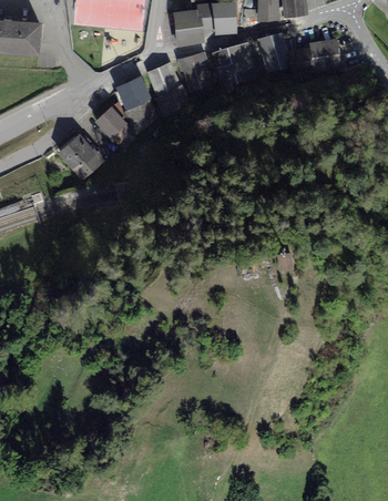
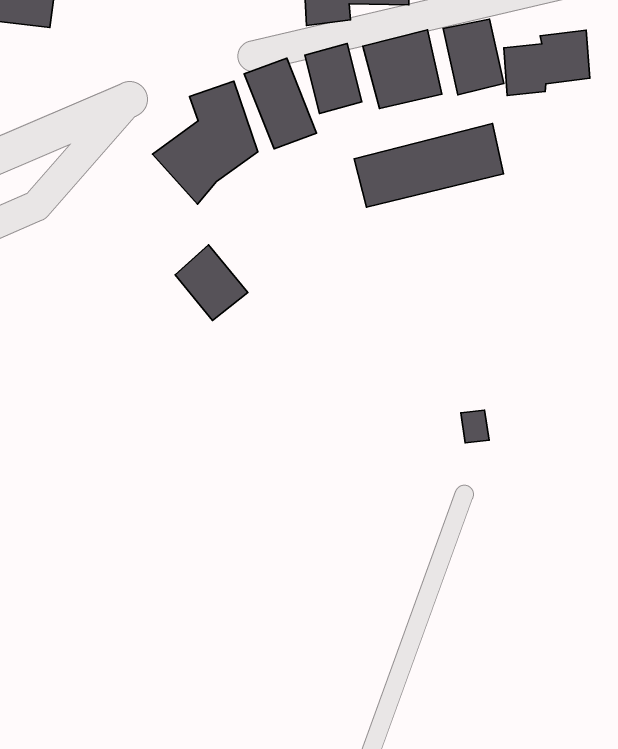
building: none -> [354,123,504,207]
building: [60,133,101,175] -> [175,245,248,320]

